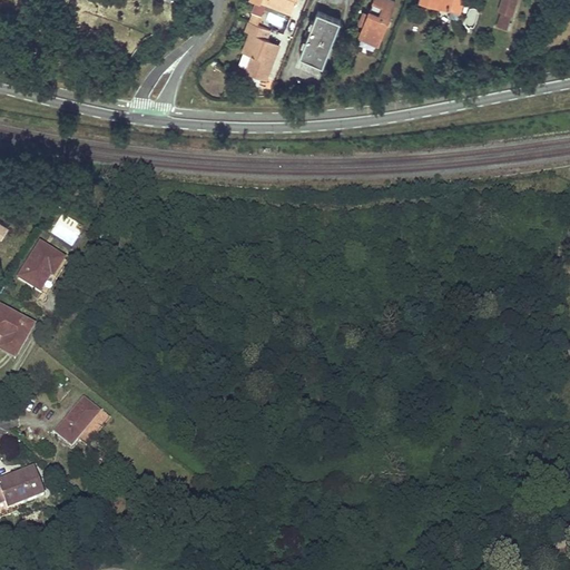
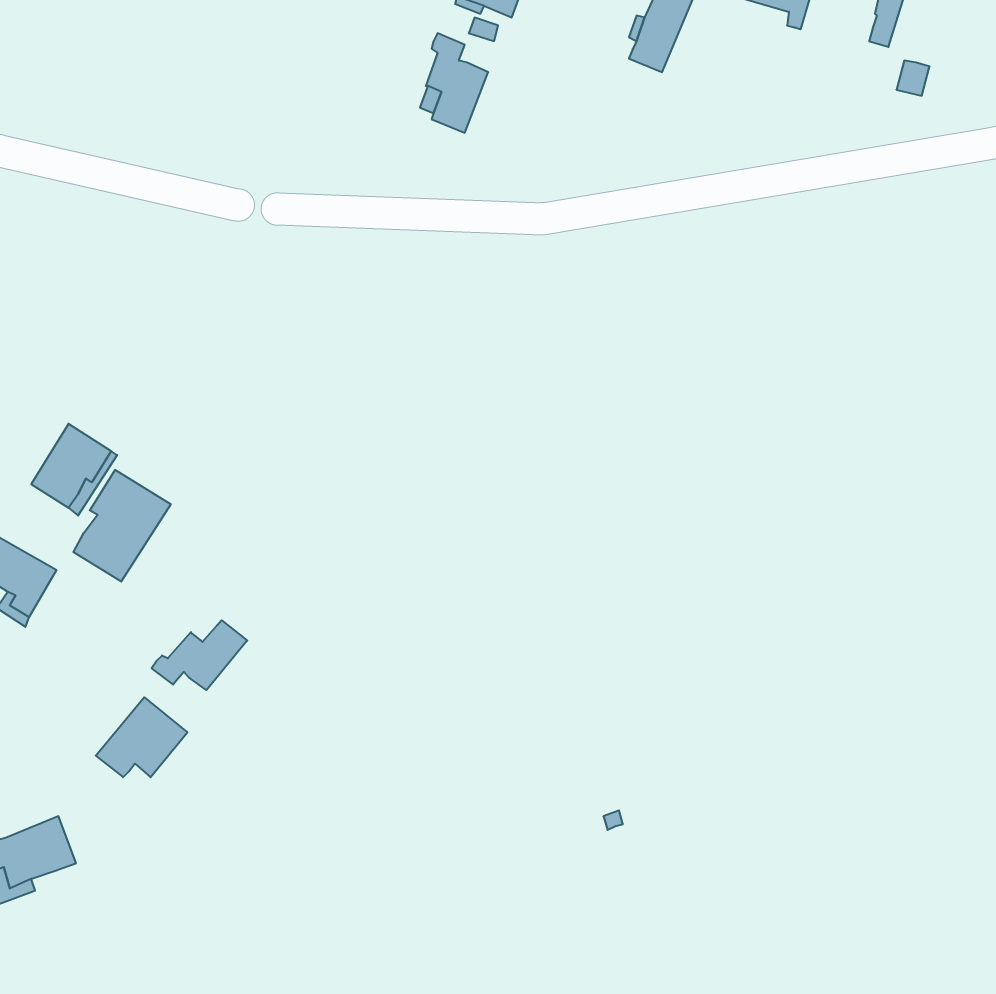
building: [299,9,340,61] -> none
building: none -> [73,470,171,582]
building: none -> [152,620,247,690]

